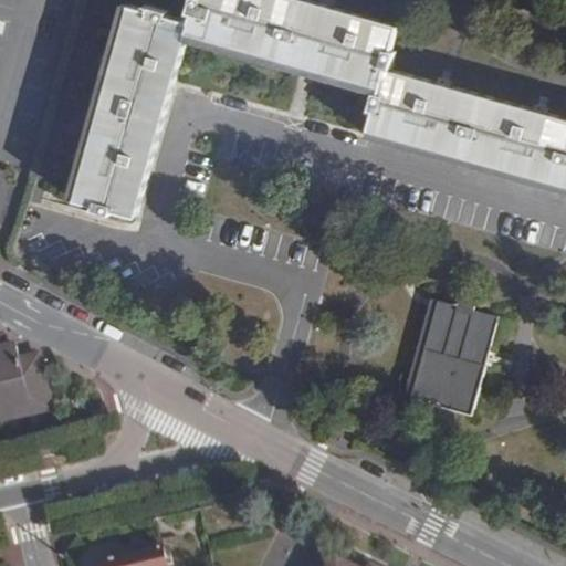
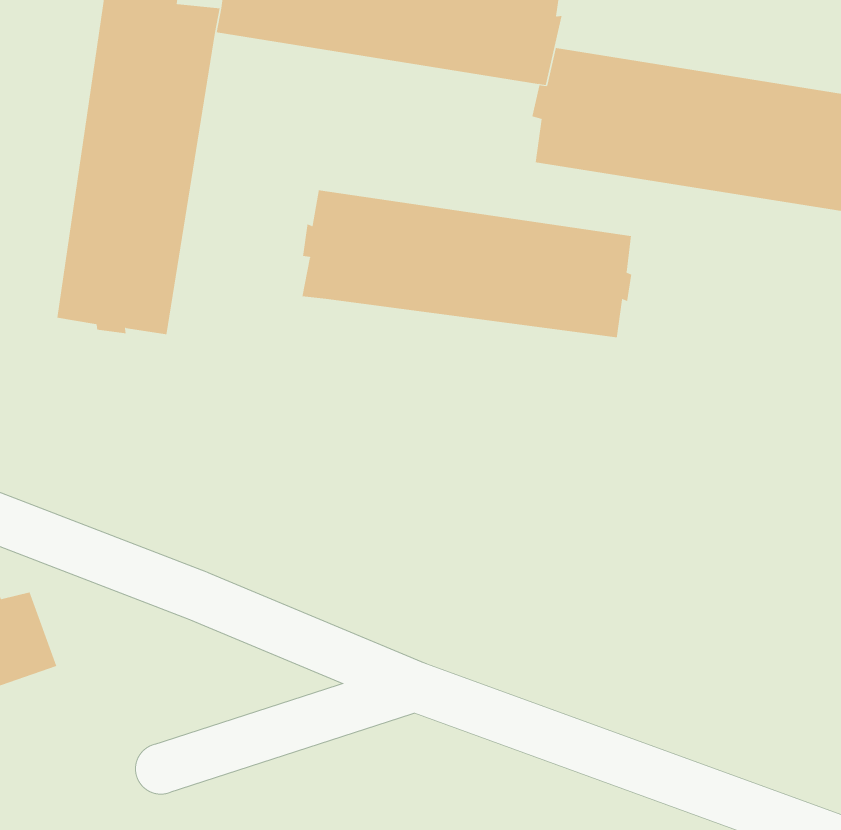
building: none -> [302,189,632,338]
building: [401,300,495,413] -> none

